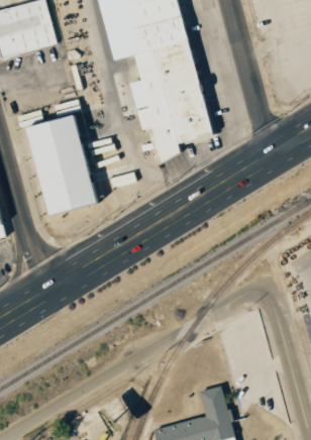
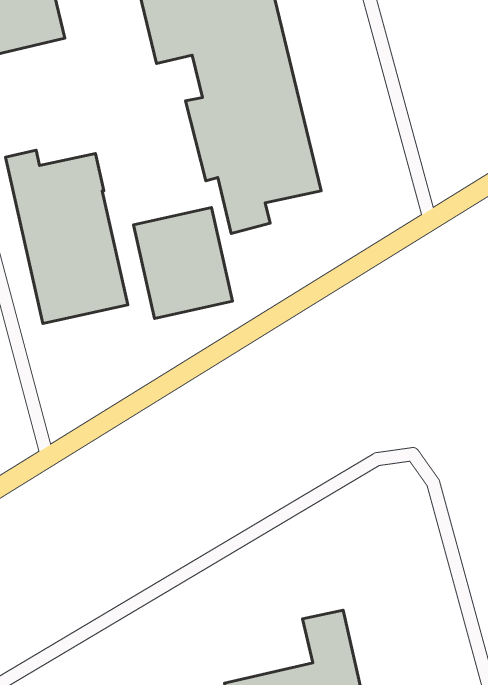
building: none -> [134,207,233,319]

